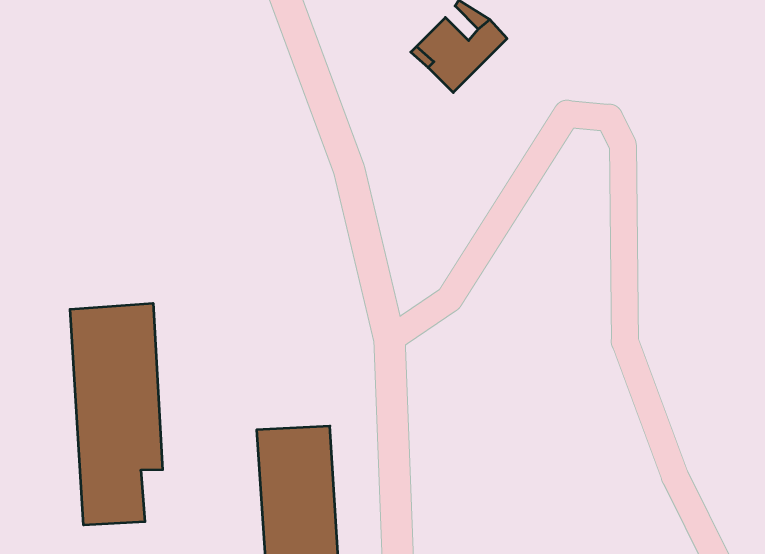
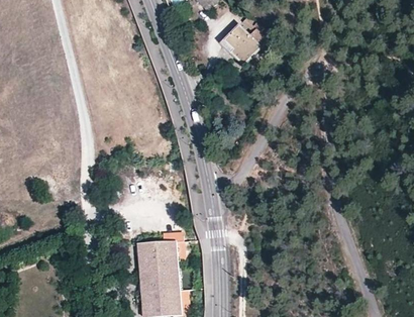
building: [70,303,163,525] -> none

